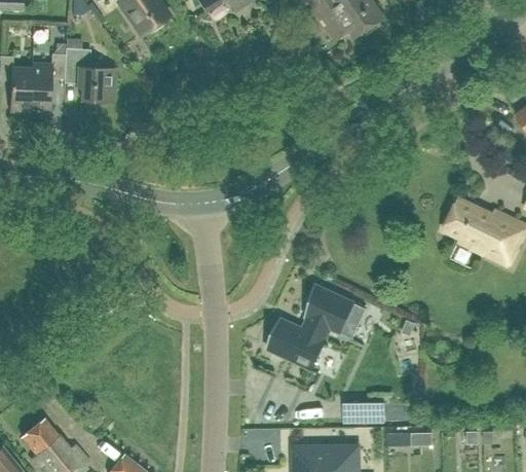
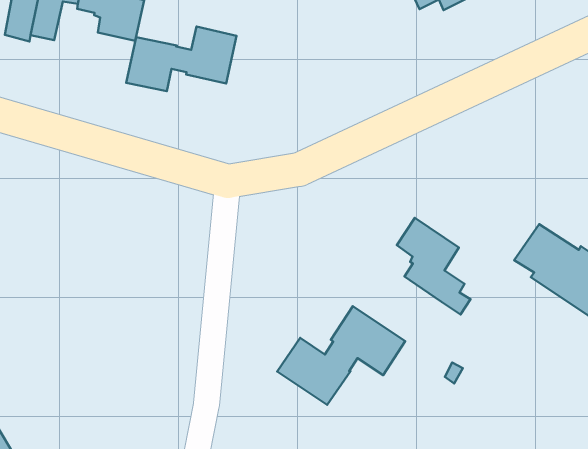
building: none -> [126,27,237,91]
building: none -> [397,218,471,314]

